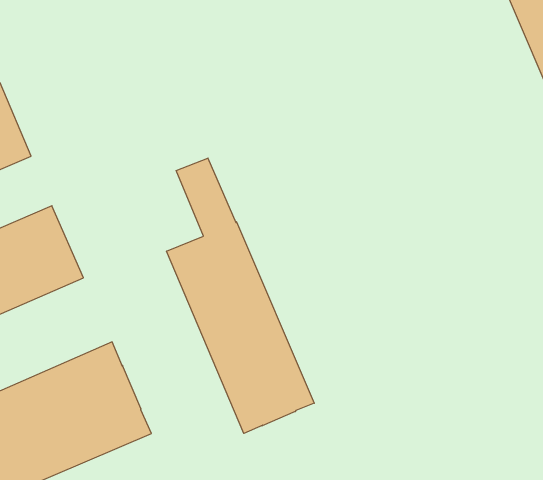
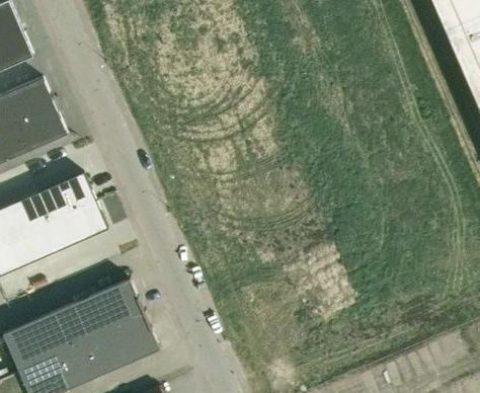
building: [167,158,314,433] -> none

